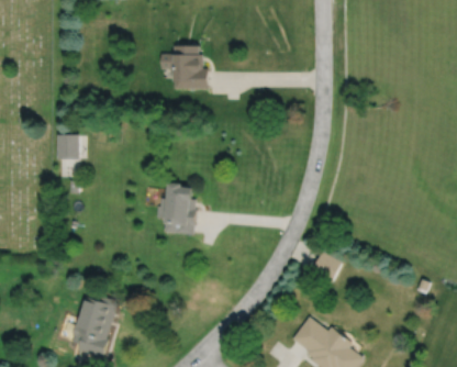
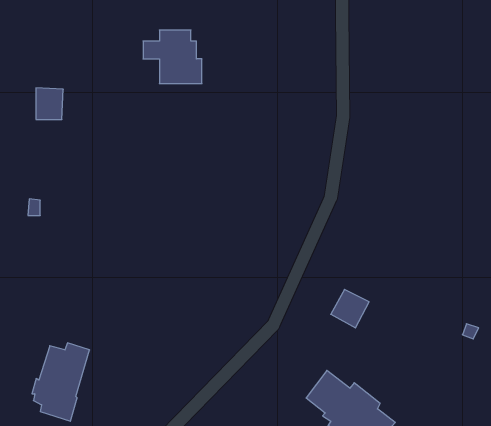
building: [58,134,80,159] -> [36,88,63,119]
building: [157,182,198,234] -> none

